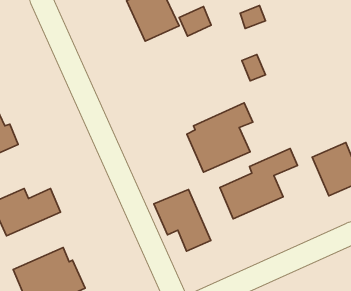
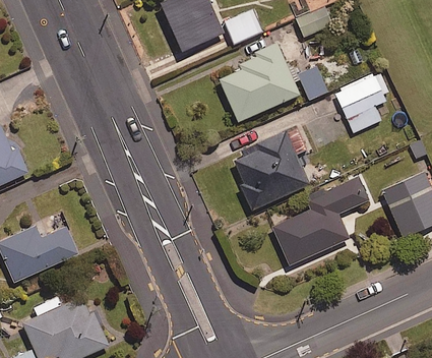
building: none -> [220,42,299,120]
building: none -> [335,72,385,131]
building: [154,189,211,251] -> none

